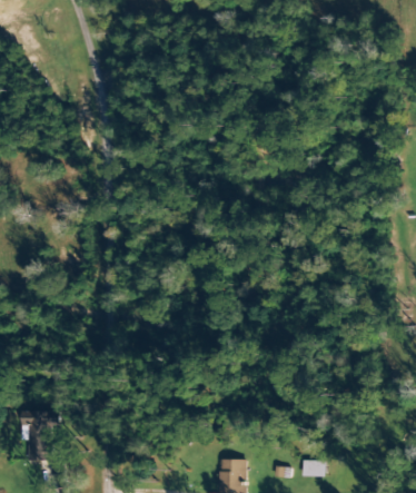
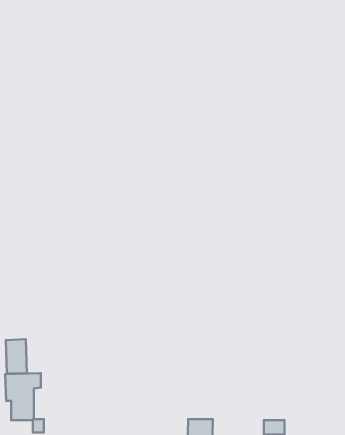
building: none -> [6,339,27,374]

